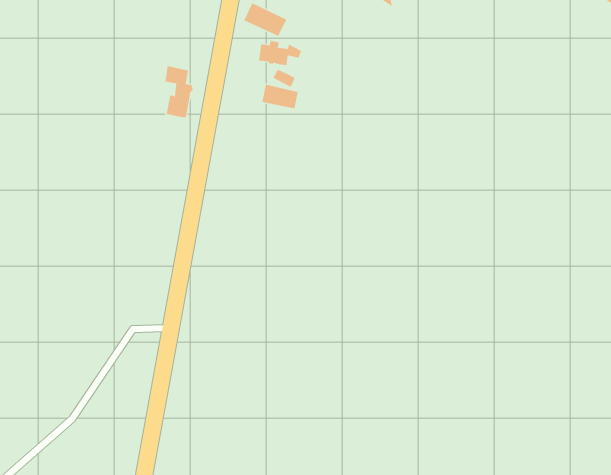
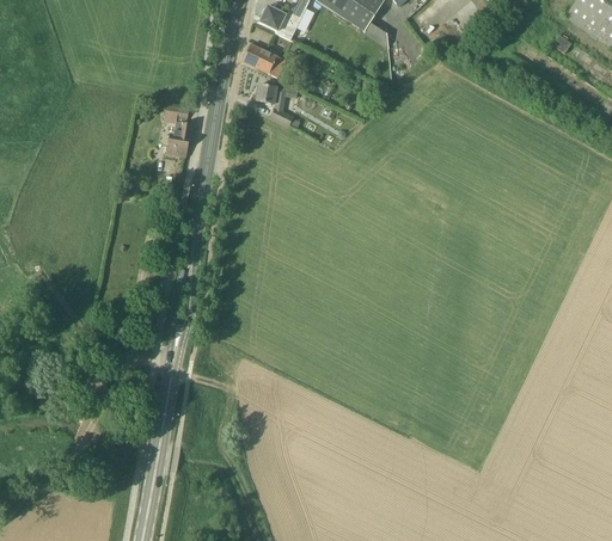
building: [262,84,298,109] -> none

